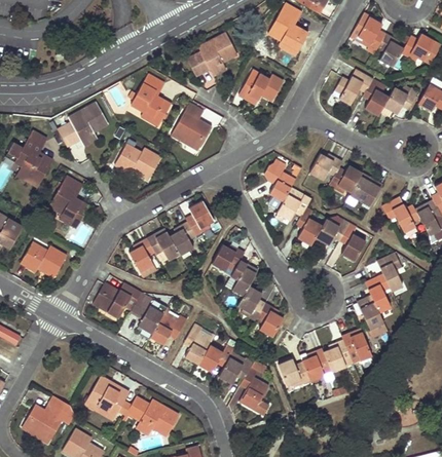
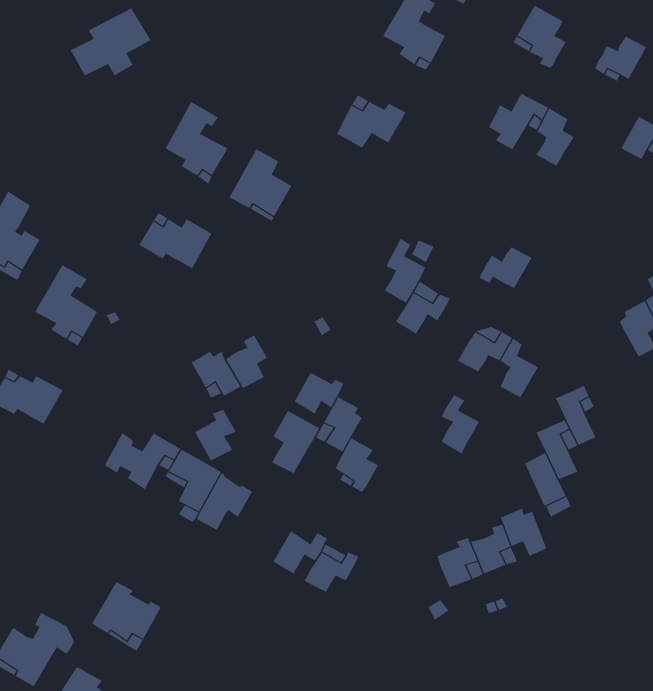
building: [186,33,237,76] -> none
building: [377,33,403,67] -> none
building: [382,85,418,114] -> none
building: [57,103,108,146] -> [70,8,152,76]
building: [309,153,341,180] -> none
building: [348,173,381,206] -> none
building: [381,196,419,232] -> none
building: [187,200,213,235] -> none
building: [297,207,322,245] -> [441,394,480,454]
building: [128,238,155,271] -> [194,409,237,461]
building: [257,303,283,337] -> none
building: [184,323,215,364] -> [271,410,320,474]
building: [278,358,309,385] -> none
building: [238,359,269,415] -> none
building: [126,396,179,436] -> none

